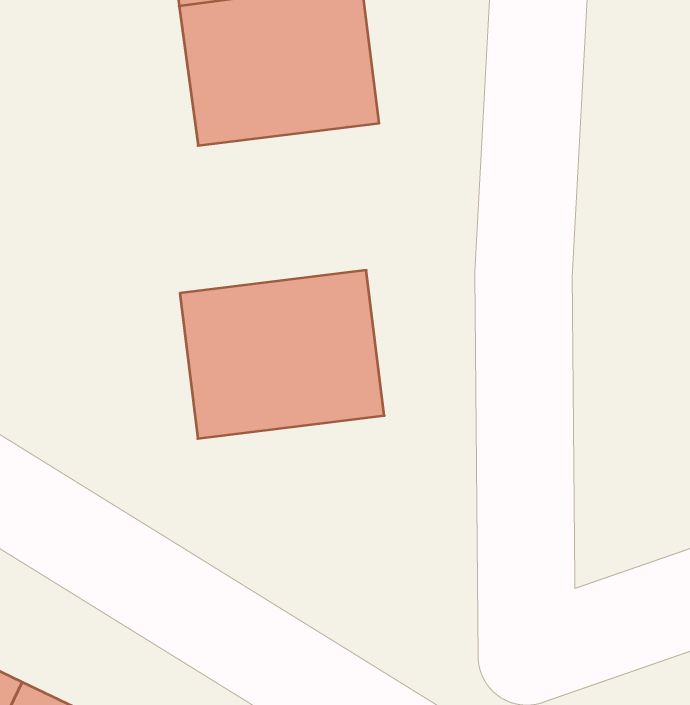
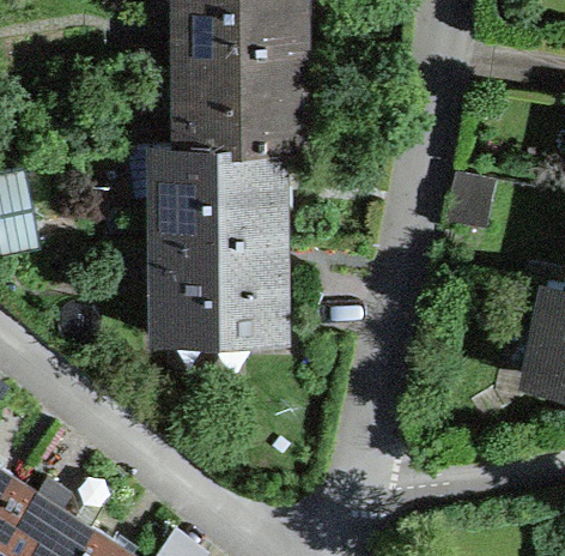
building: none -> [158,147,282,243]

